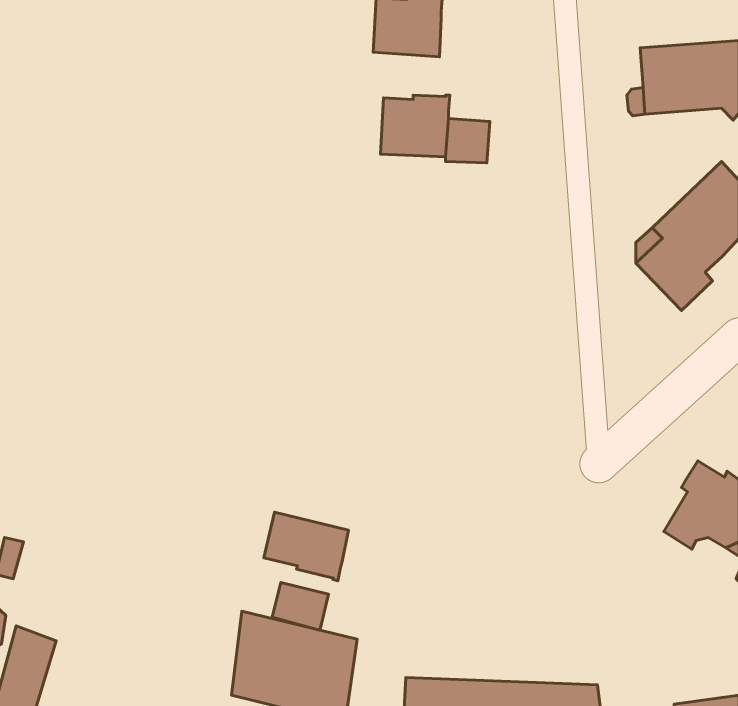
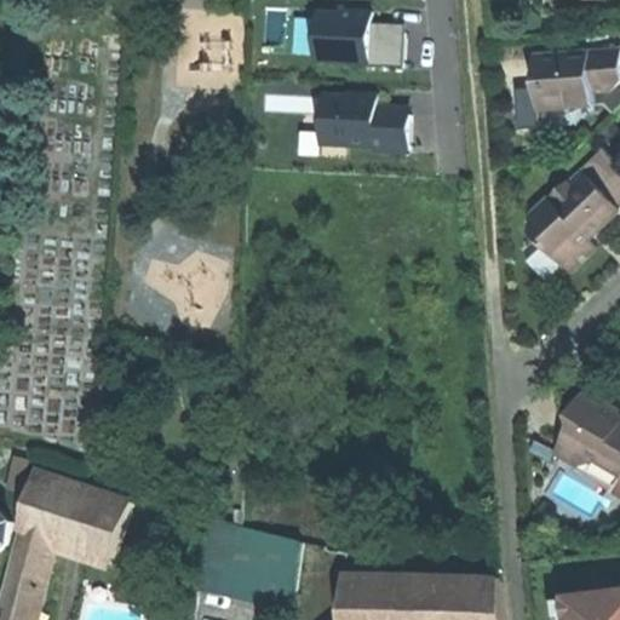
building: none -> [366,30,402,68]
building: [264,512,348,581] -> none
building: none -> [16,470,130,562]
building: [272,583,328,630] -> none

